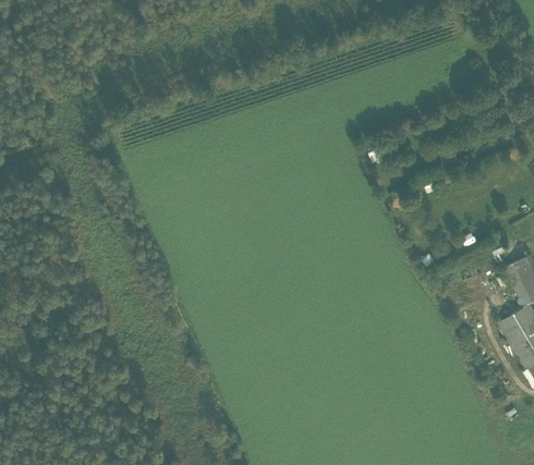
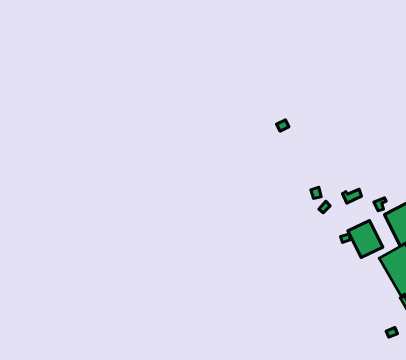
building: none -> [348,221,383,258]

